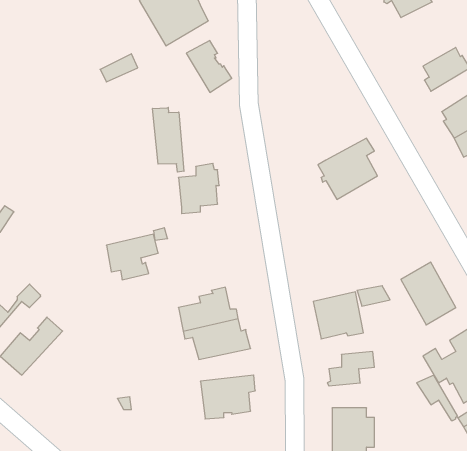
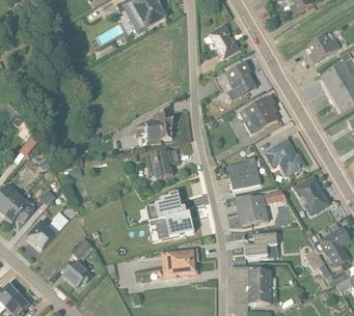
building: [186,41,232,92] -> [209,24,239,58]
building: none -> [215,60,256,98]
building: [153,107,184,172] -> none
building: none -> [264,136,306,175]
building: none -> [227,155,261,189]
building: [106,234,158,280] -> [145,147,180,177]
building: none -> [63,235,93,286]

